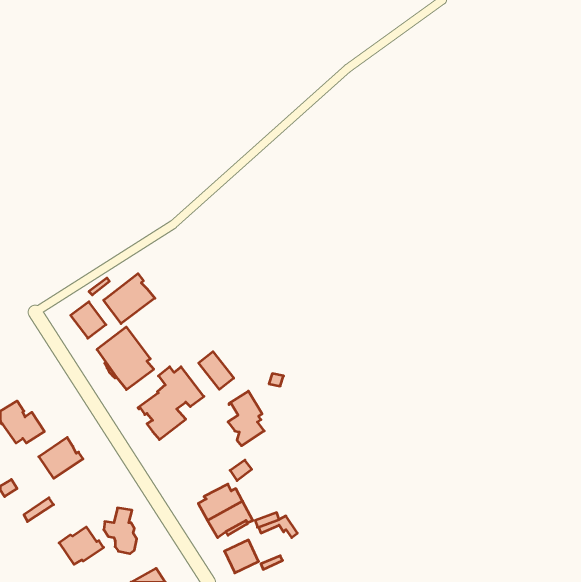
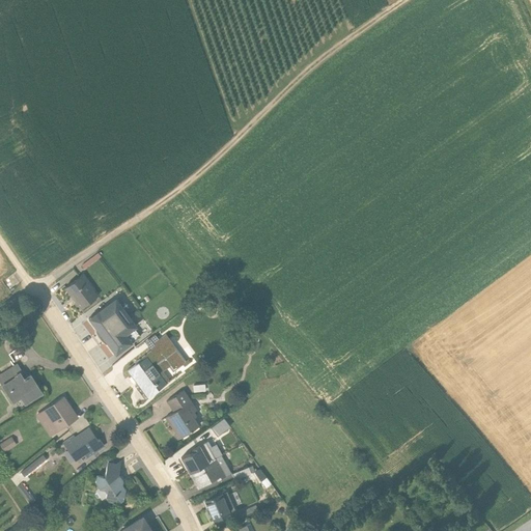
building: [104,274,155,324] -> none
building: [199,352,234,389] -> none
building: [228,391,264,446] -> [166,390,199,440]
building: [59,527,104,564] -> [63,427,104,462]

